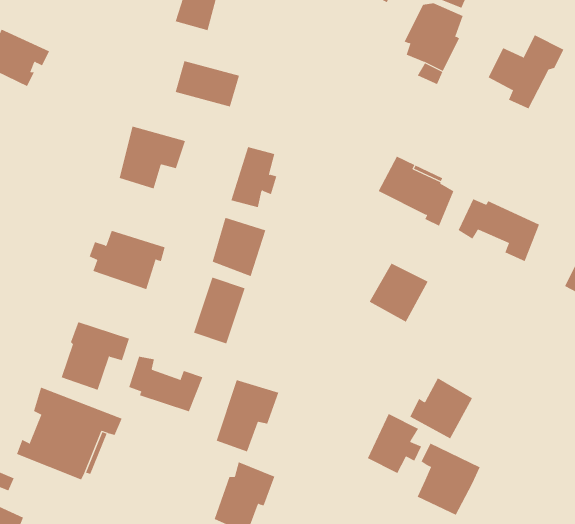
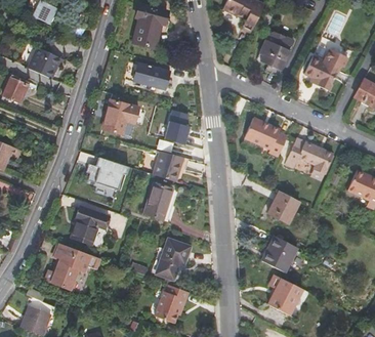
building: [369,263,428,322] -> [267,191,300,223]
building: [128,356,203,412] -> none
building: [367,413,422,474] -> none

